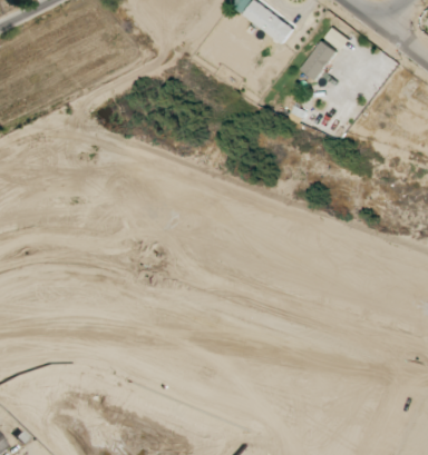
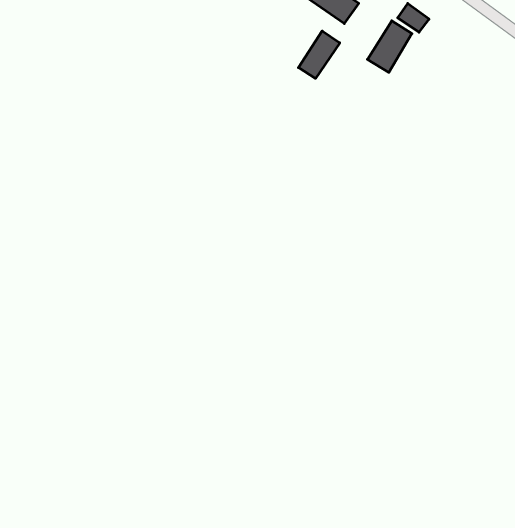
building: none -> [298,31,340,78]

